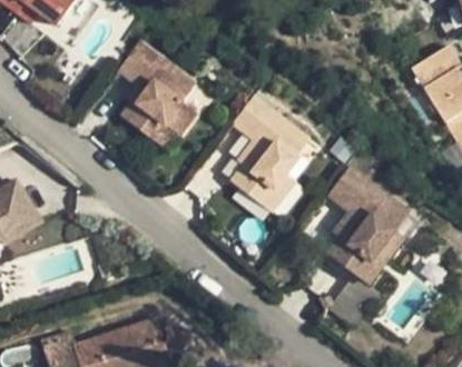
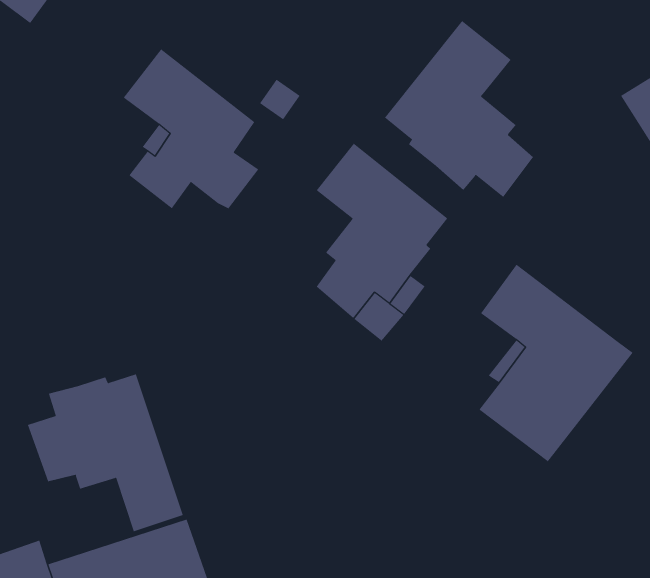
building: none -> [384,20,534,198]
building: none -> [27,374,183,532]

